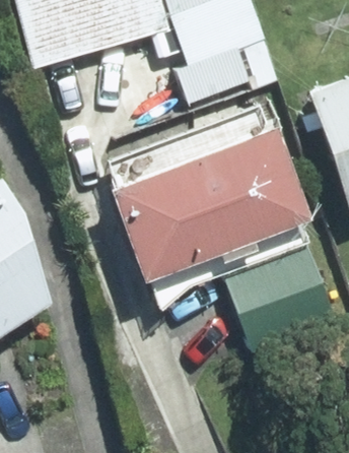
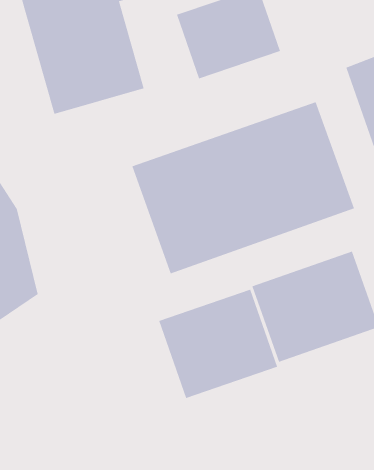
building: none -> [158,289,278,399]

